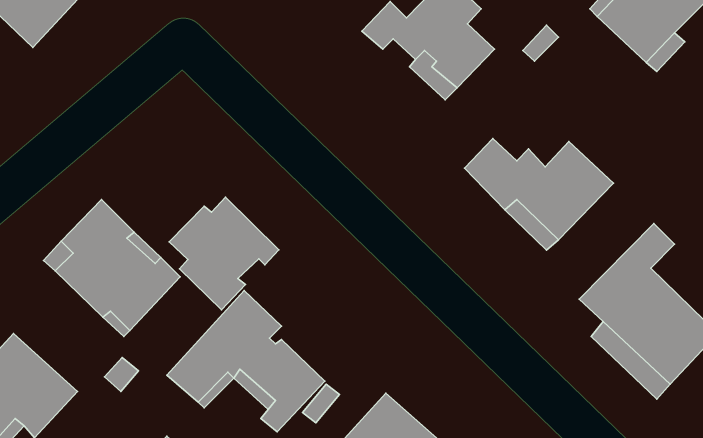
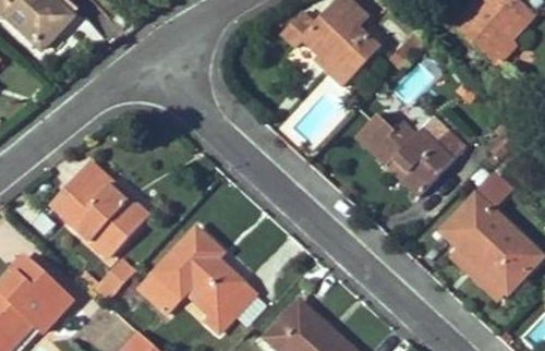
building: [169,197,279,310] -> none

